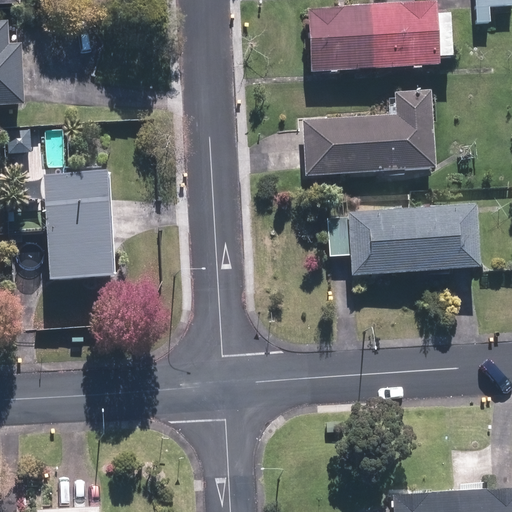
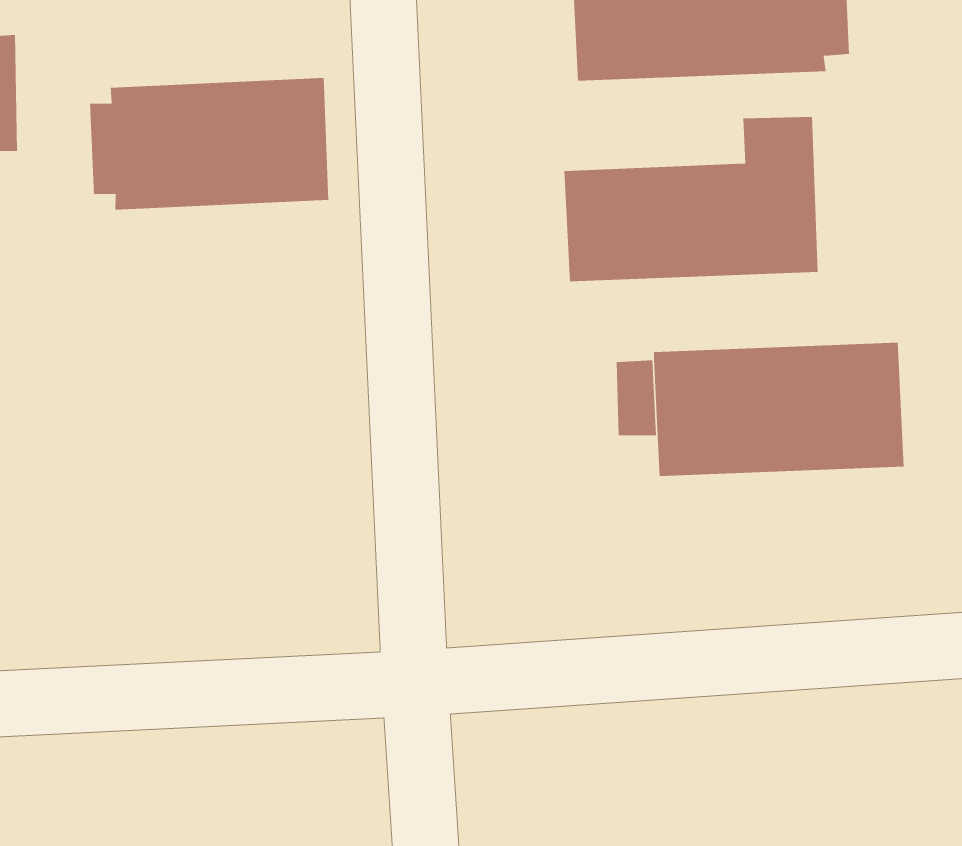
building: none -> [89,77,329,210]
building: [44,170,113,281] -> none

